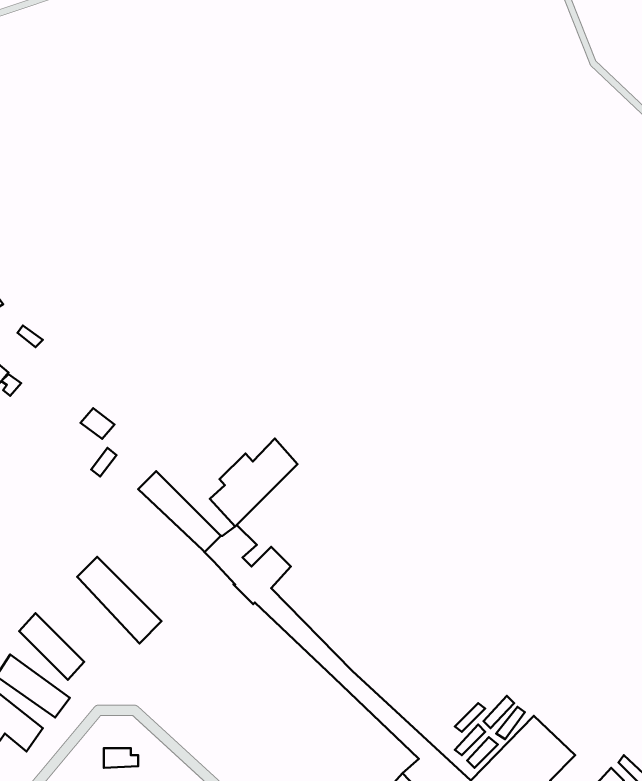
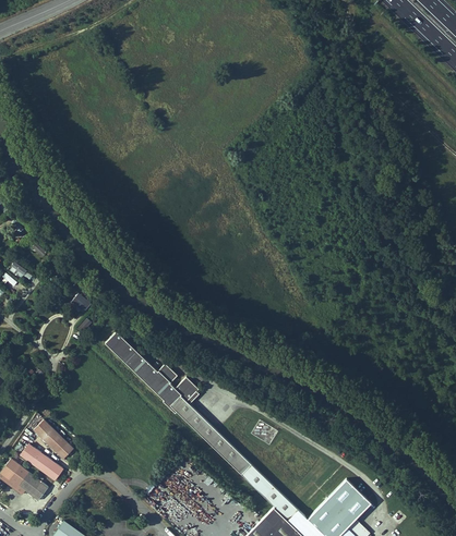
building: [210,438,297,527] -> none
building: [77,557,162,643] -> none

